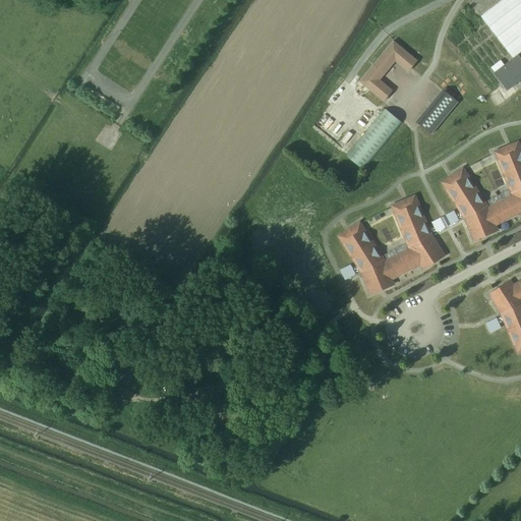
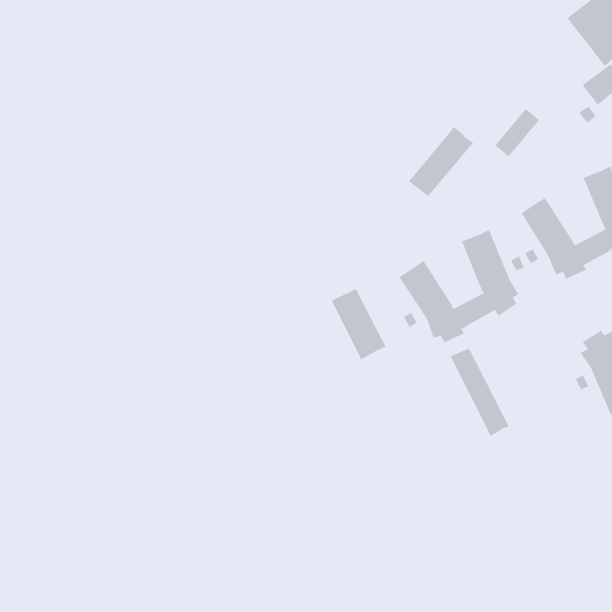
building: [360,40,418,101] -> none
building: none -> [331,288,387,360]
building: none -> [450,348,510,437]

